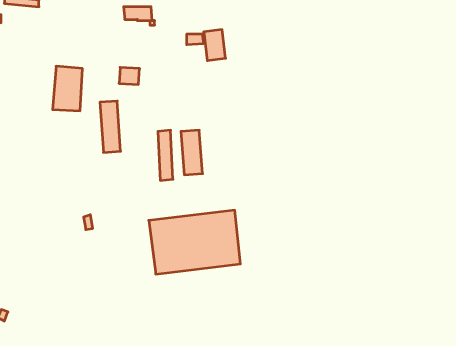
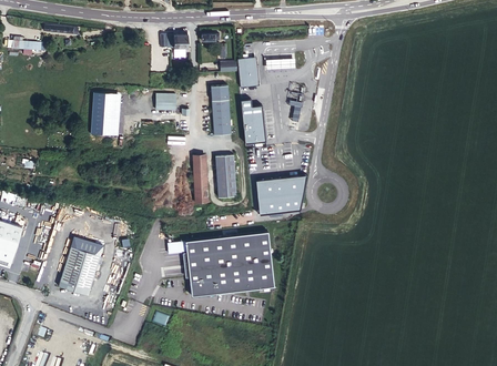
building: none -> [240,99,264,142]
building: [100,101,121,152] -> [211,85,231,135]
building: none -> [254,175,306,214]
building: none -> [59,236,103,295]

